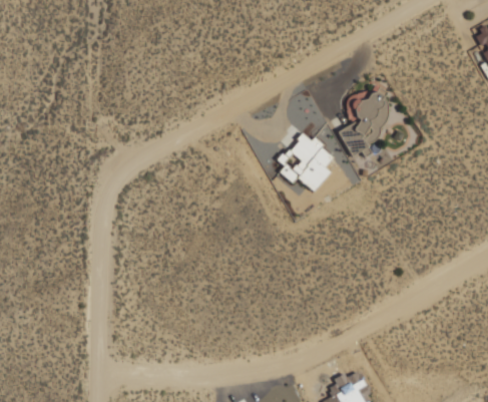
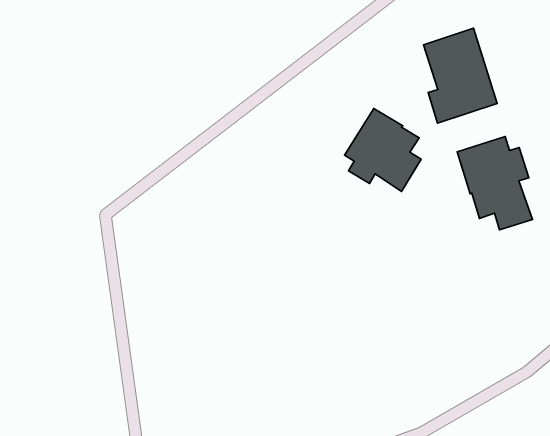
building: none -> [457,136,532,230]

